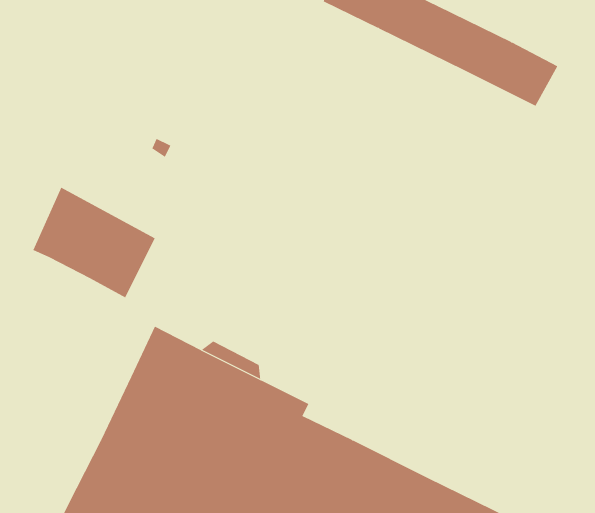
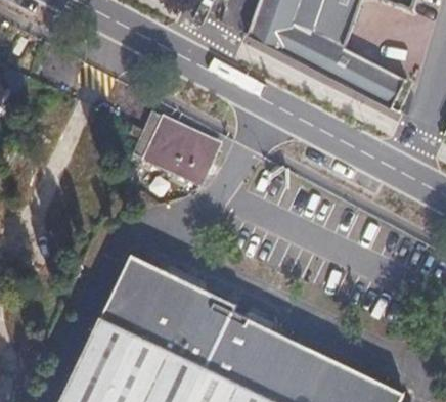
building: [32,187,156,298] -> [134,115,218,190]

